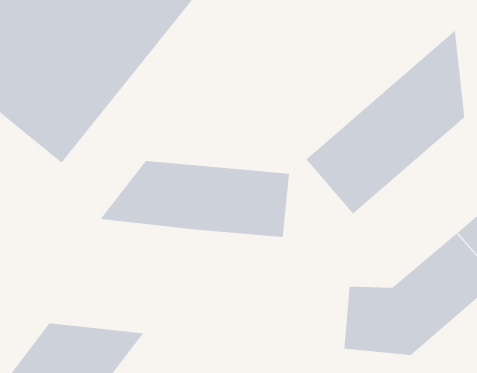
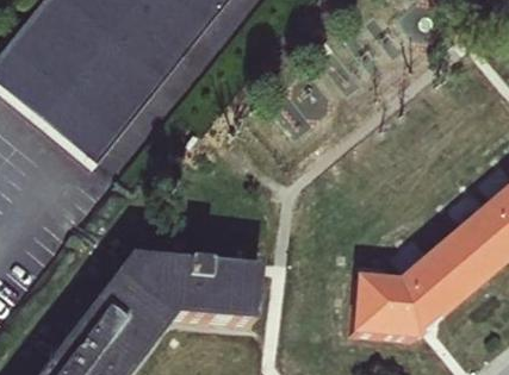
building: [306,30,465,215] -> none
building: [100,161,290,238] -> [89,252,263,323]

